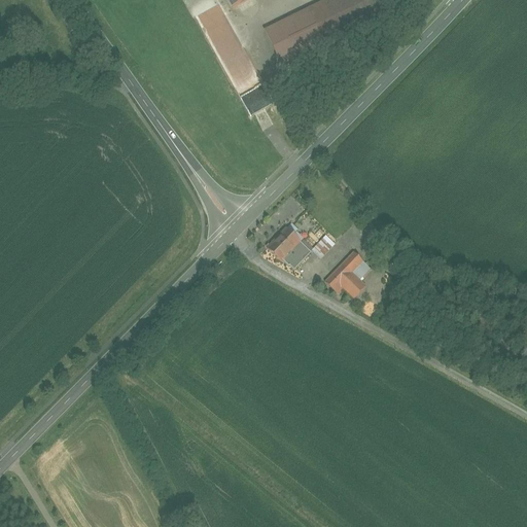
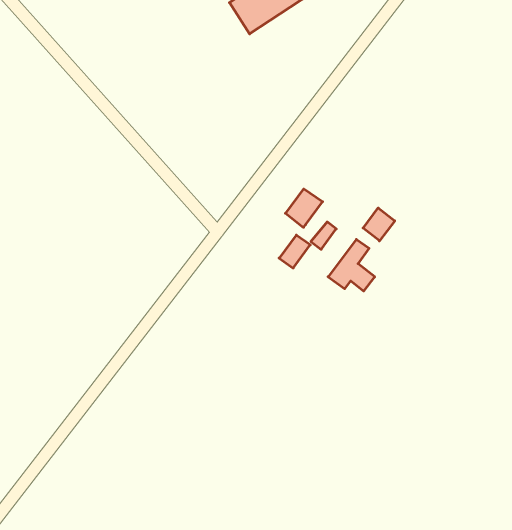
building: none -> [363,208,395,241]
building: [267,225,301,259] -> [285,189,323,227]

